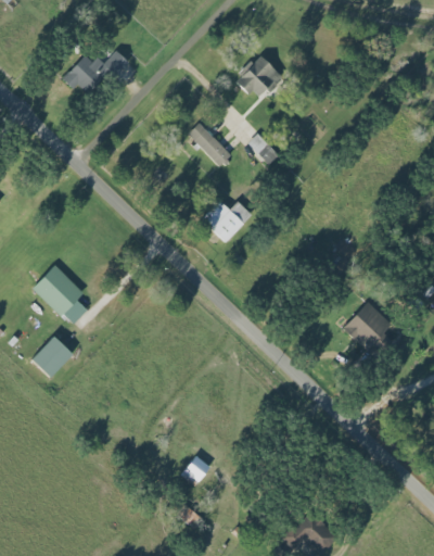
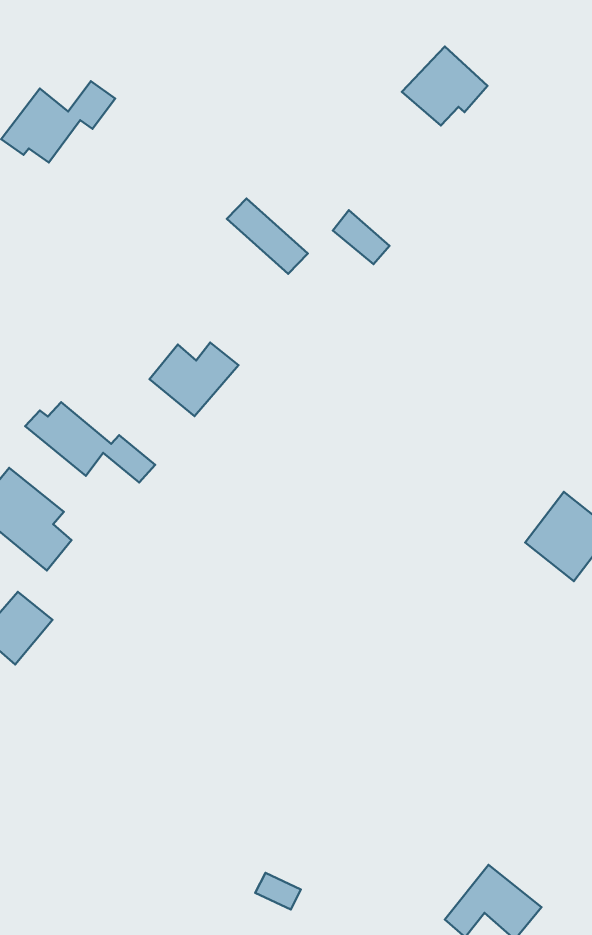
building: [235,54,284,99] -> [402,47,488,125]
building: [202,201,253,242] -> [150,342,239,416]
building: none -> [25,402,155,483]
building: [181,455,210,486] -> none

